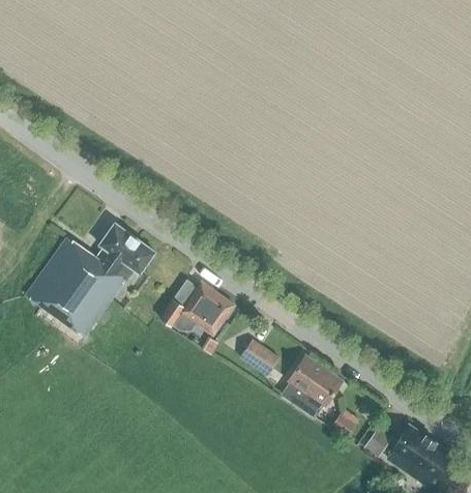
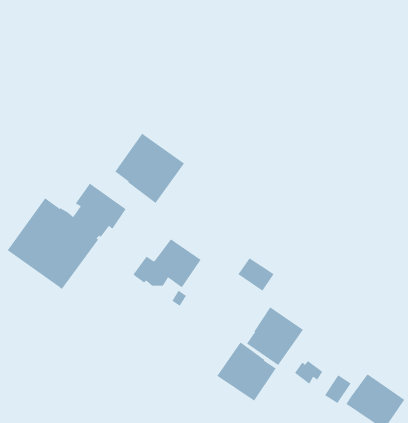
building: none -> [114,133,185,204]
building: [240,340,279,376] -> [238,258,275,292]
building: none -> [217,342,276,401]

